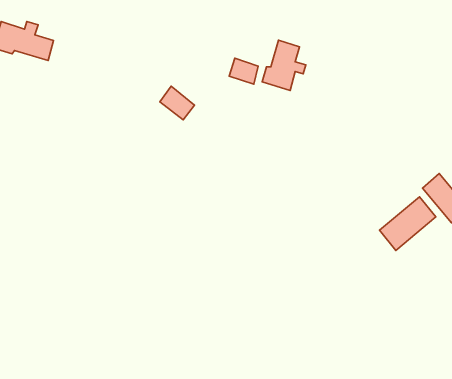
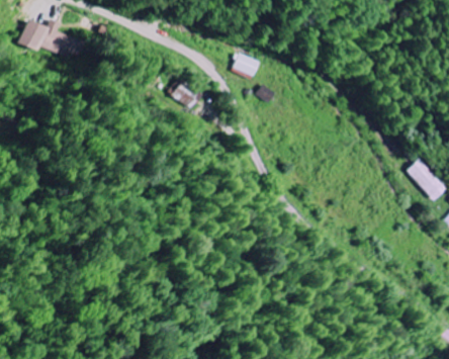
building: [262,40,306,91] -> none
building: [379,197,436,250] -> none

